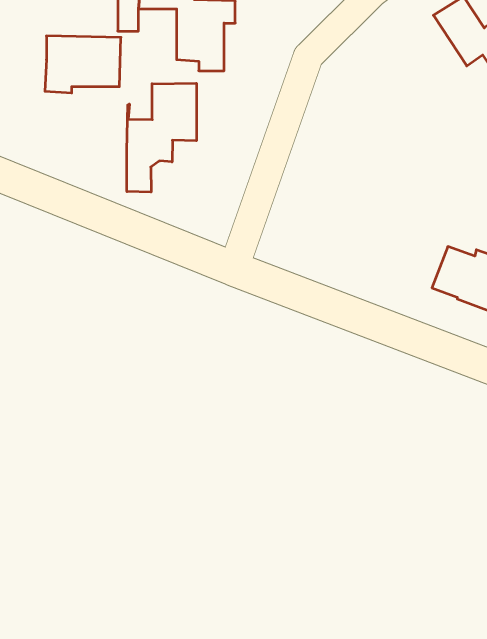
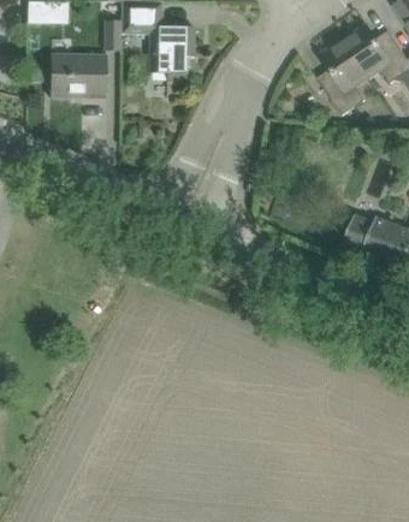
building: none -> [316,37,368,113]
building: [127,83,196,192] -> none

